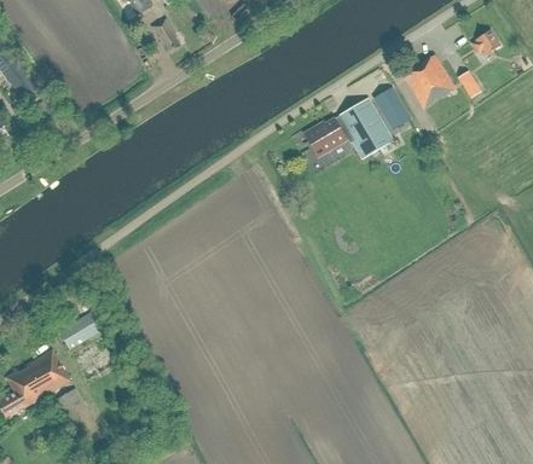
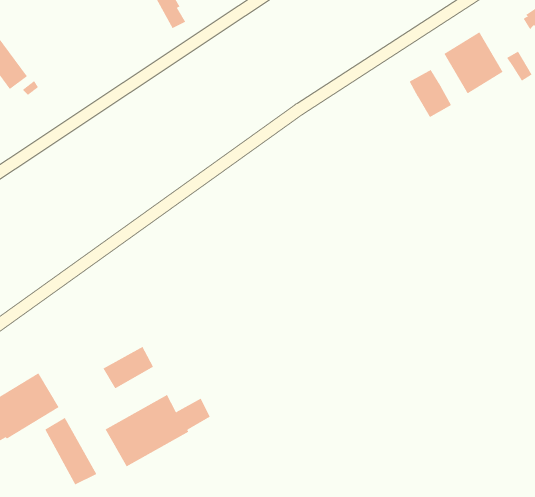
building: [303,98,393,158] -> none
building: [59,312,104,349] -> [102,346,154,389]
building: none -> [105,394,210,467]

